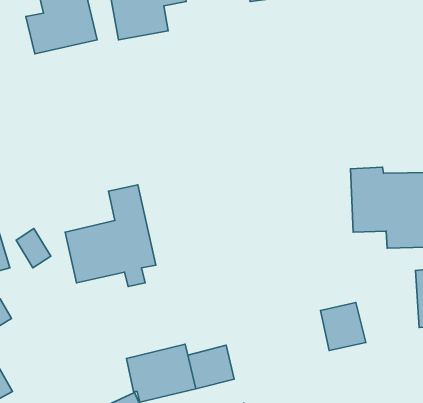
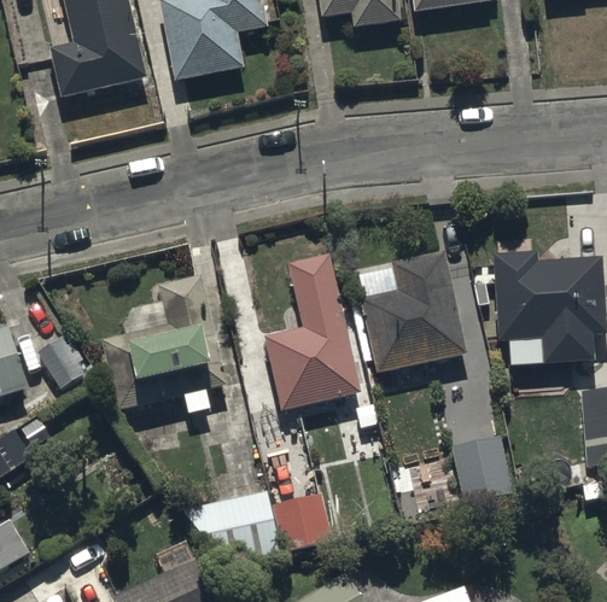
building: none -> [362,251,466,373]
building: none -> [263,255,363,411]

